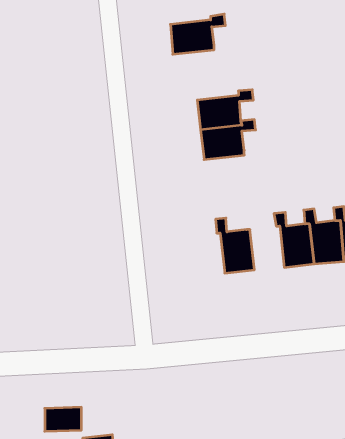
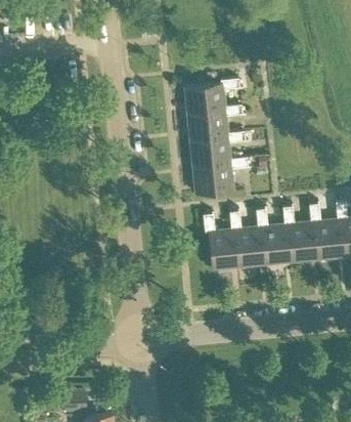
building: [170,14,225,54] -> [186,80,235,116]
building: none -> [194,160,244,196]
building: none -> [230,218,266,267]

